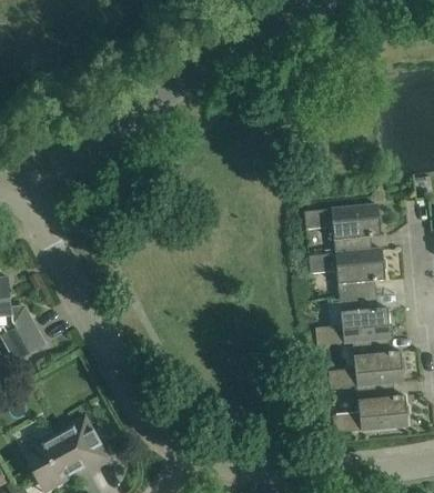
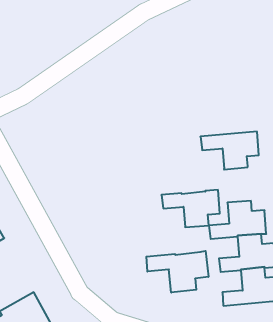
building: [307,249,384,298] -> [161,190,220,227]
building: none -> [146,251,208,293]

